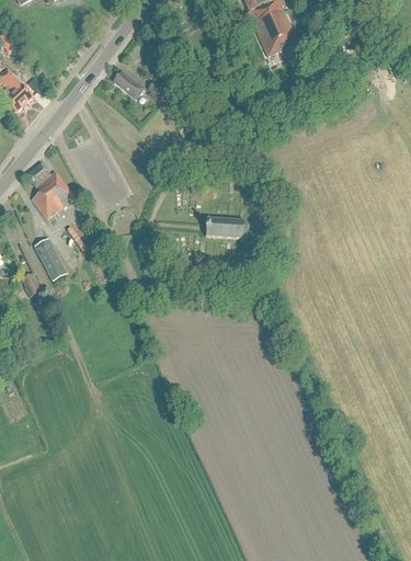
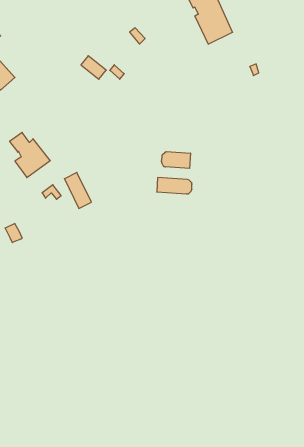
building: none -> [162,152,190,168]
building: [34,237,67,280] -> [64,172,91,208]

